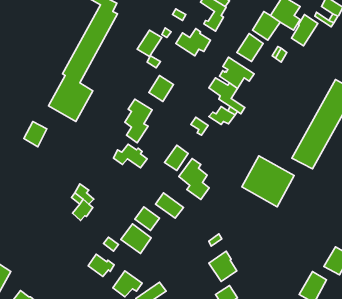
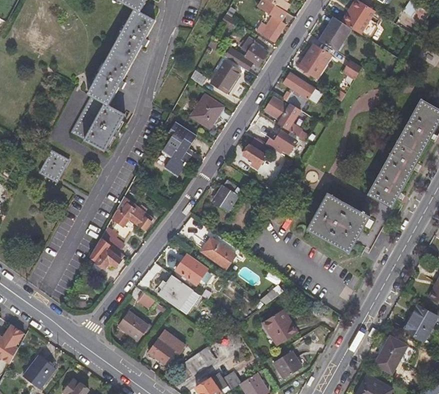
building: [292,14,318,46] -> none
building: [137,30,162,56] -> [210,60,240,92]
building: [113,144,147,168] -> [112,202,153,231]
building: [179,159,209,200] -> none

